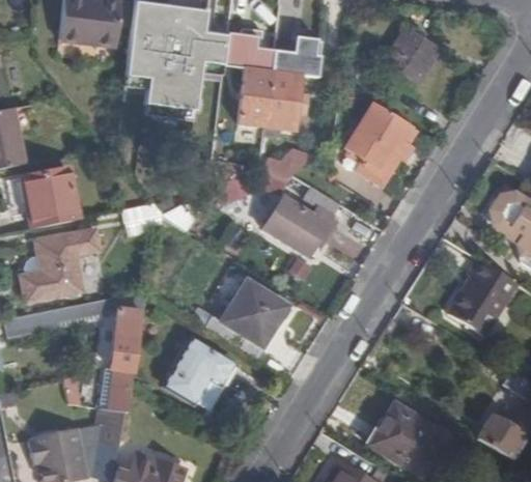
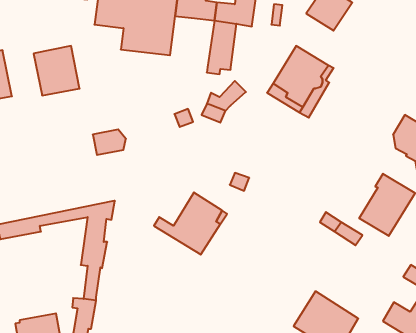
building: [236,67,272,127] -> none
building: [21,168,77,228] -> [34,46,80,95]
building: [262,196,334,257] -> none
building: [22,230,101,302] -> none
building: [165,338,233,403] -> none

